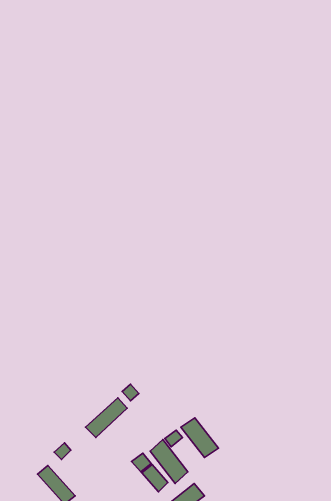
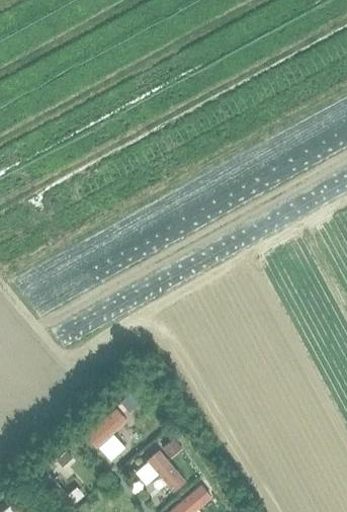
building: [181,418,218,457] -> none

